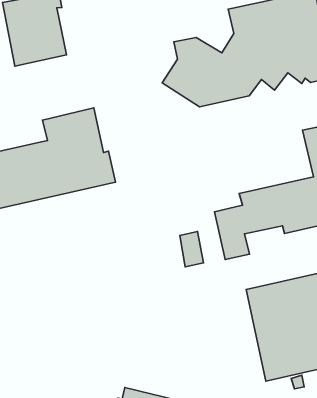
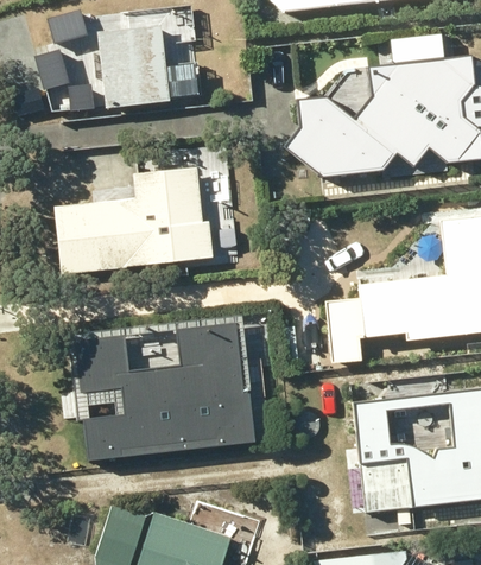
building: none -> [80,322,248,452]

